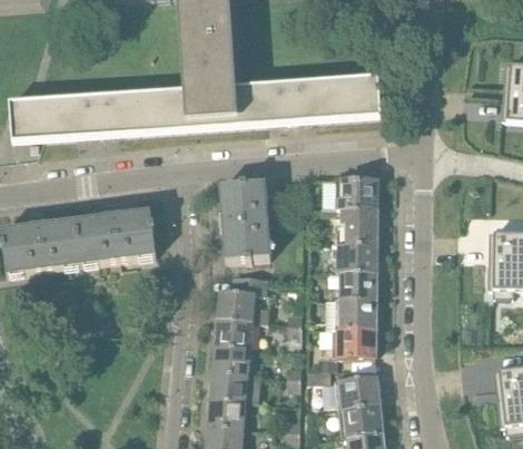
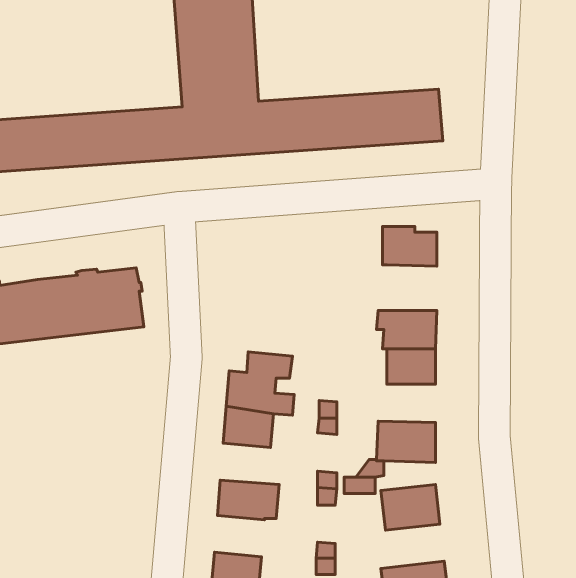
building: [220,178,270,258] -> none
building: [339,206,377,241] -> none
building: [326,296,376,325] -> none
building: [214,341,258,372] -> none
building: [209,396,247,427] -> none
building: [335,402,383,436] -> none

